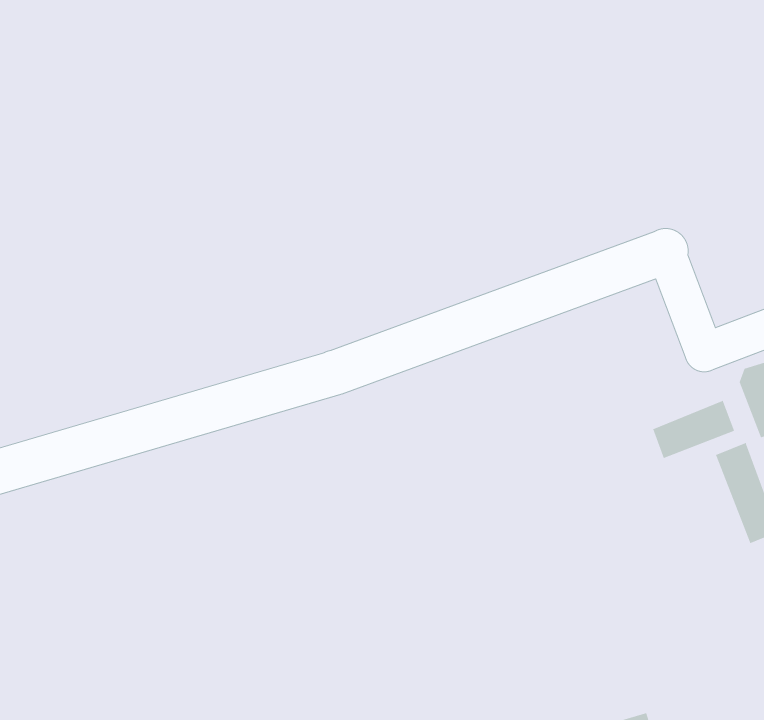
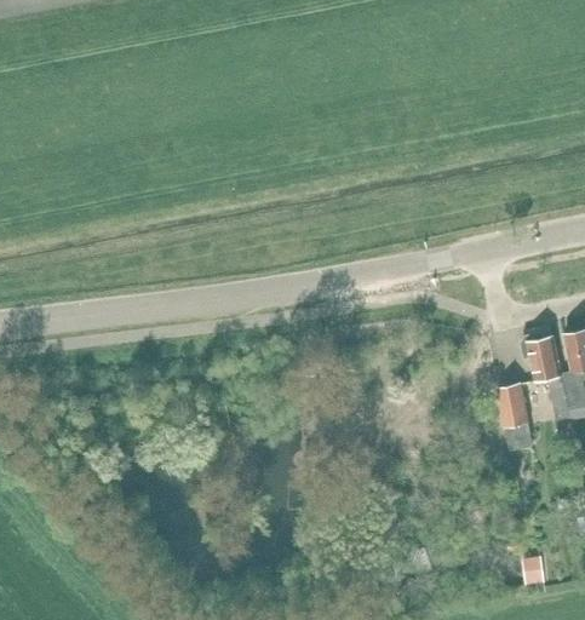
building: [653,400,735,459] -> none

